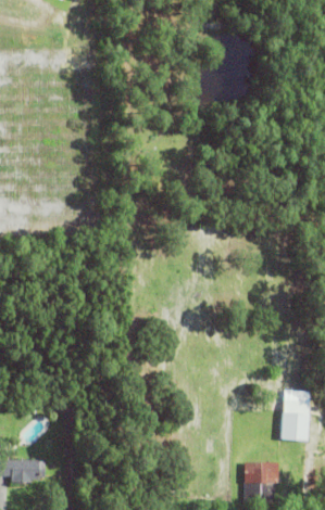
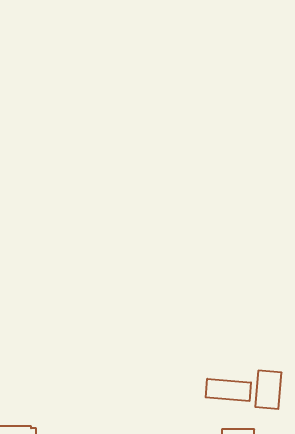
building: none -> [206,379,251,401]

